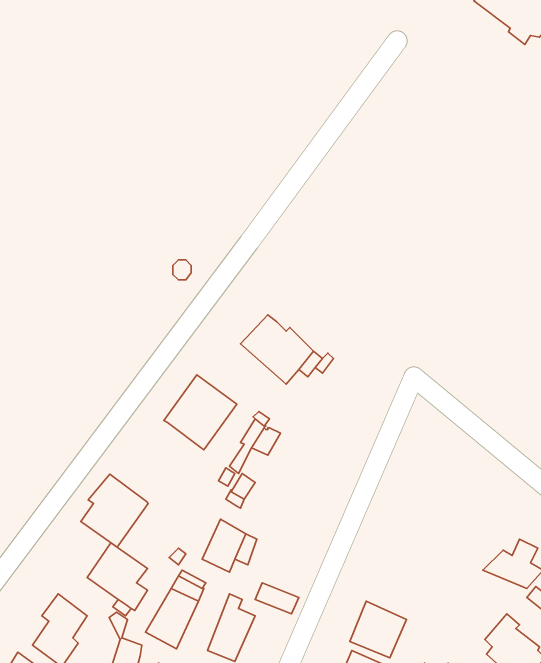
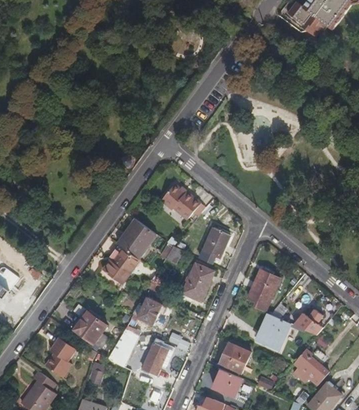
building: none -> [202,226,231,260]
building: none -> [183,264,214,301]
building: none -> [247,270,278,312]
building: [81,474,148,547] -> [103,244,140,284]
building: none -> [258,314,291,351]

